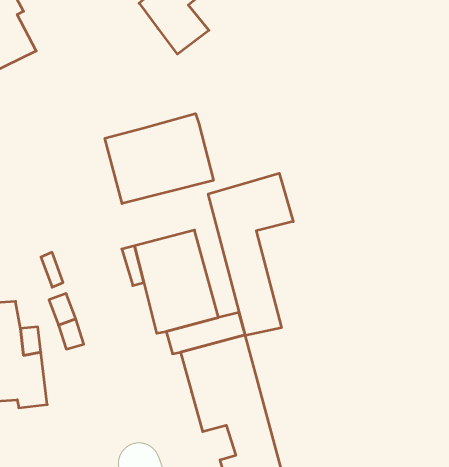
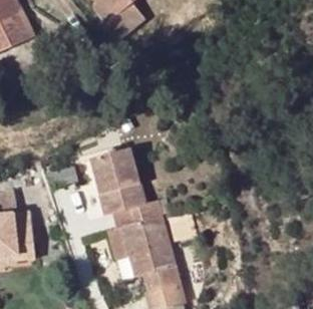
building: [105,114,213,204] -> none
building: [208,173,293,335] -> none

